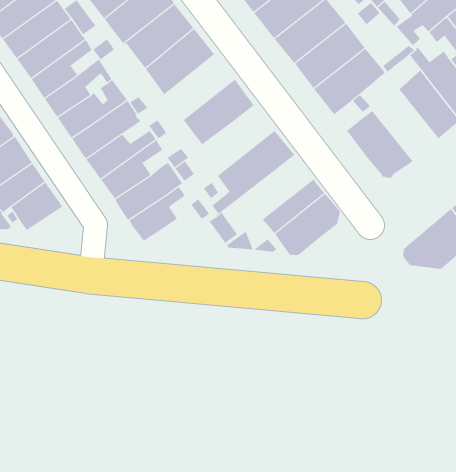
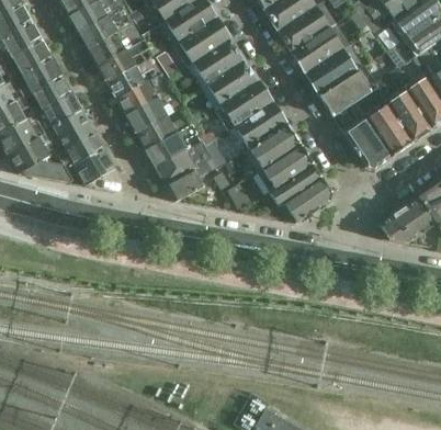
building: none -> [202,59,259,109]
building: none -> [364,100,414,157]
building: none -> [228,102,286,150]
building: none -> [258,144,314,192]

